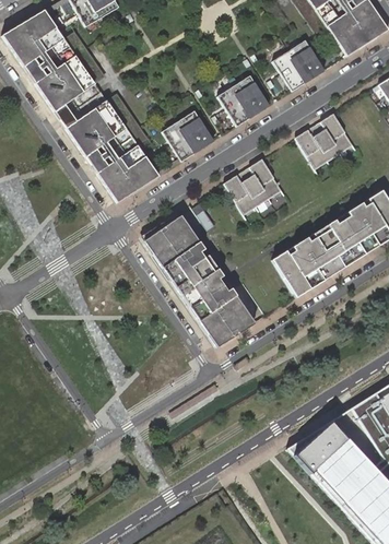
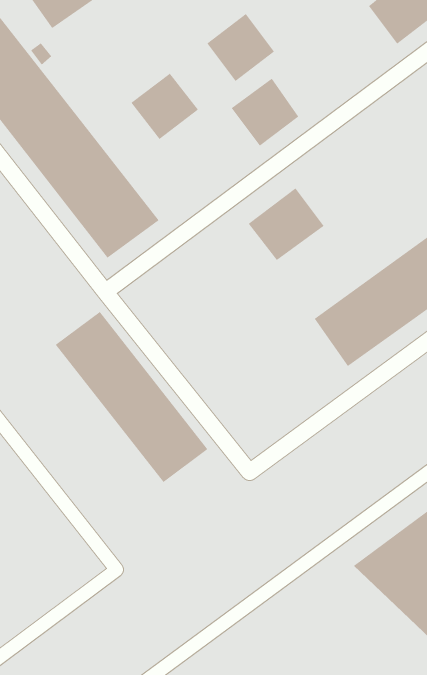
building: [275,39,327,91] -> [206,13,275,82]
building: [165,110,216,161] -> [130,73,199,140]
building: [297,113,355,168] -> none
building: [142,213,252,346] -> [55,311,208,483]

